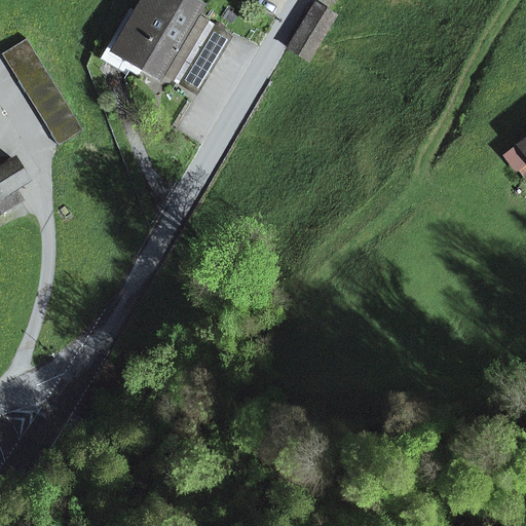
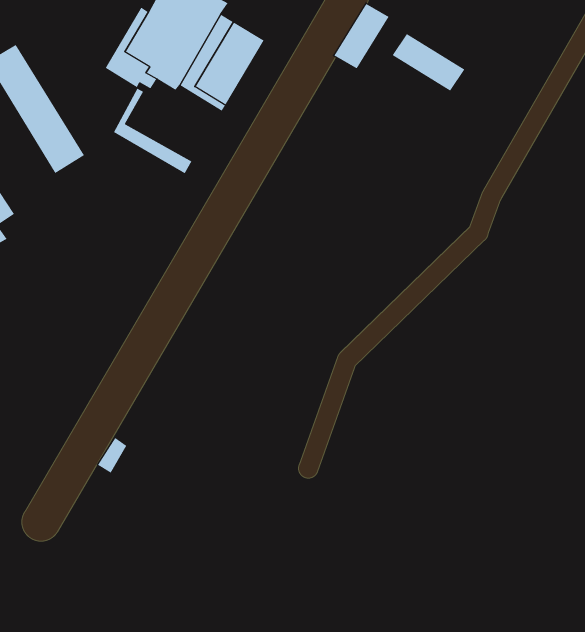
building: none -> [392,33,465,92]
building: none -> [113,88,192,174]

